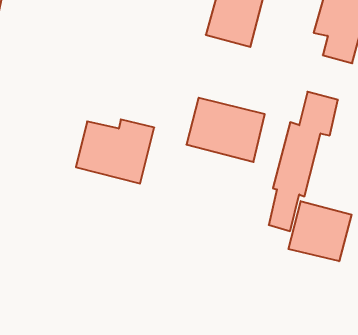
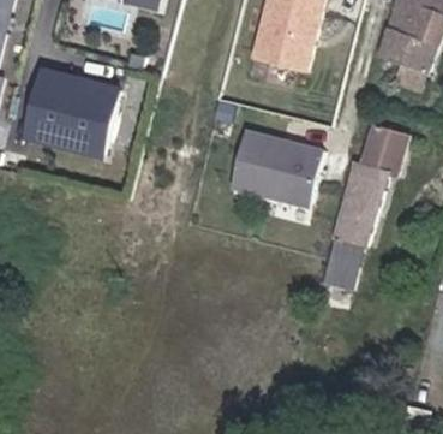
building: [76,119,154,184] -> [28,79,120,155]
building: [288,201,352,261] -> none

